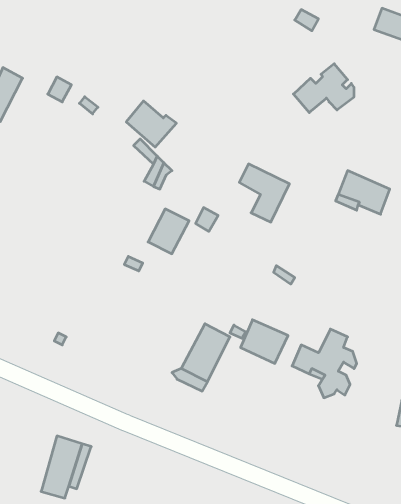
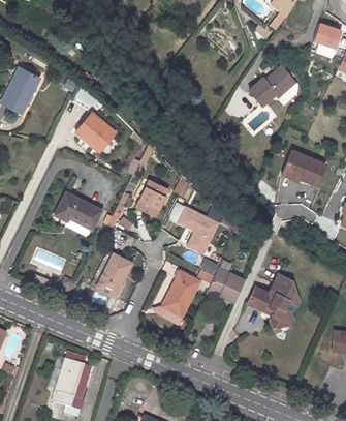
building: [126,101,176,147] -> [76,115,116,151]
building: [239,164,289,222] -> [179,207,218,252]
building: none -> [55,192,101,229]
building: none -> [97,253,132,296]

